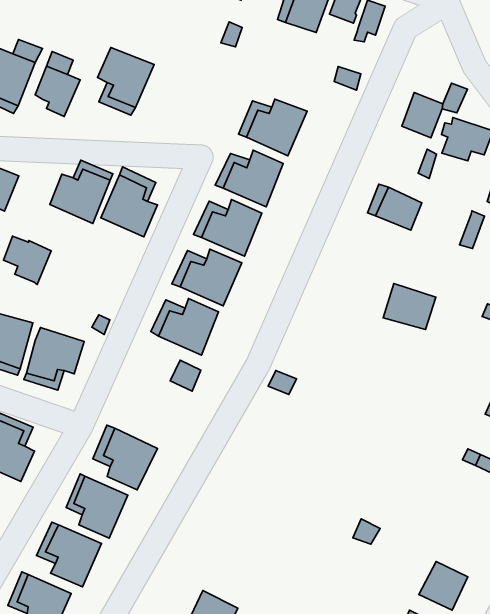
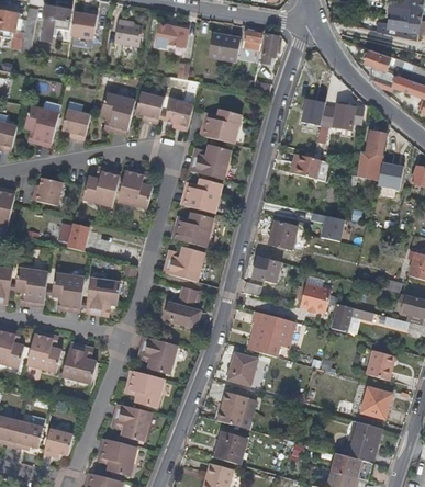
building: none -> [136,90,165,121]
building: none -> [166,98,193,128]
building: none -> [270,220,298,247]
building: none -> [253,257,282,283]
building: none -> [165,303,201,327]
building: none -> [300,283,332,313]
building: none -> [248,309,295,355]
building: none -> [332,302,374,331]
building: none -> [225,354,256,386]
building: none -> [368,350,394,381]
building: none -> [215,390,250,427]

